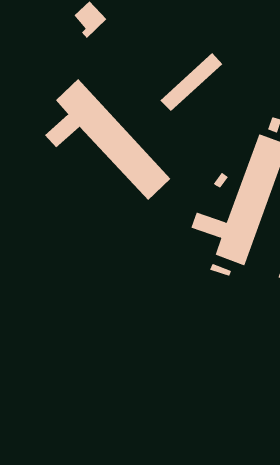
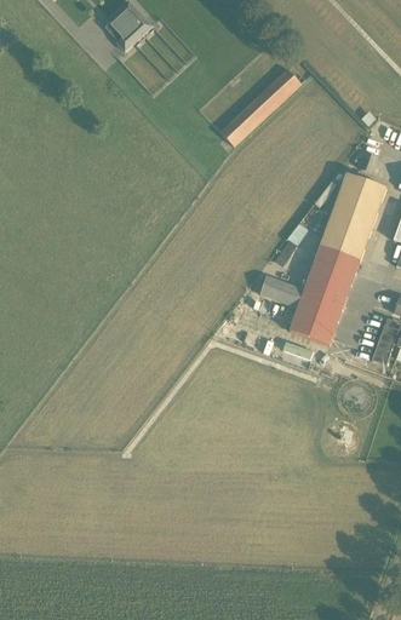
building: [44,78,171,201] -> none

